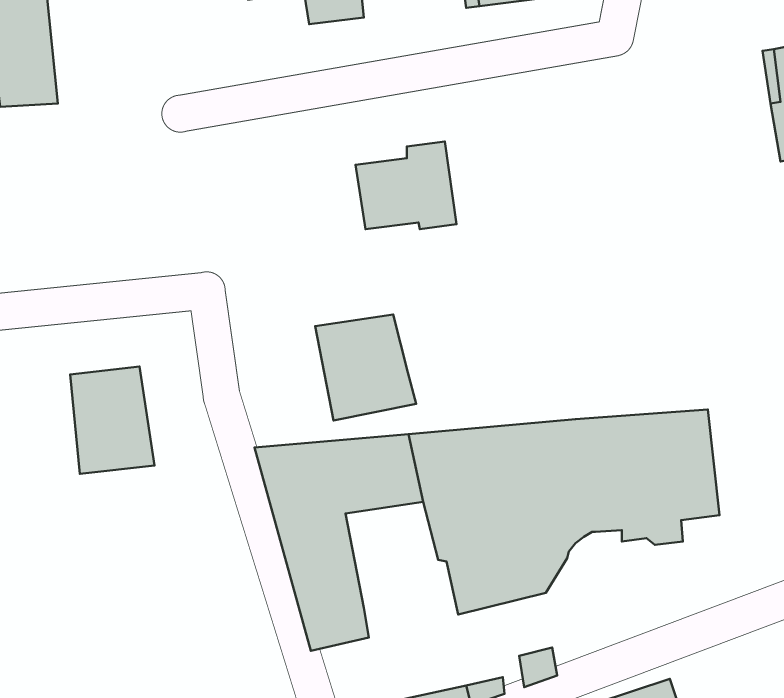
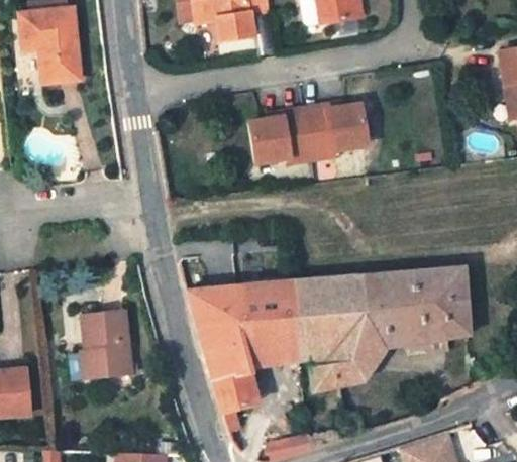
building: none -> [307,100,370,154]
building: [315,315,416,420] -> [246,324,308,388]
building: [70,366,154,474] -> [77,314,128,379]

